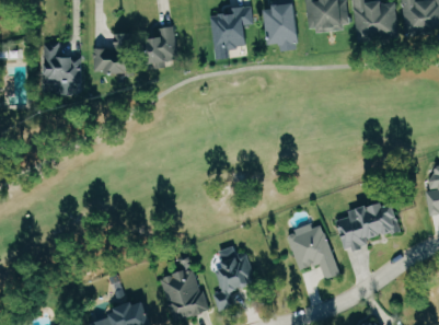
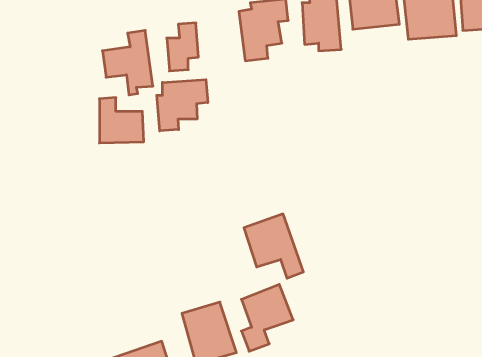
building: [43,44,81,83] -> [99,98,144,143]
building: none -> [157,80,208,131]
building: [335,200,400,251] -> none
building: [287,223,338,279] -> [244,214,303,278]

